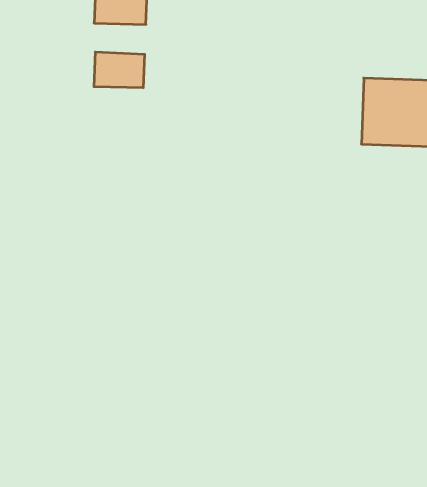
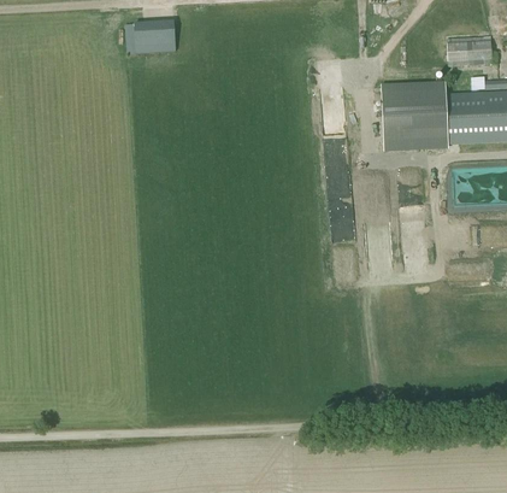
building: [94,52,145,88] -> none

